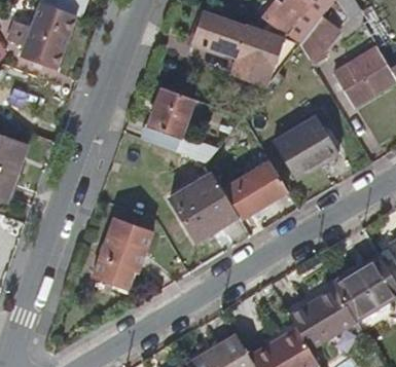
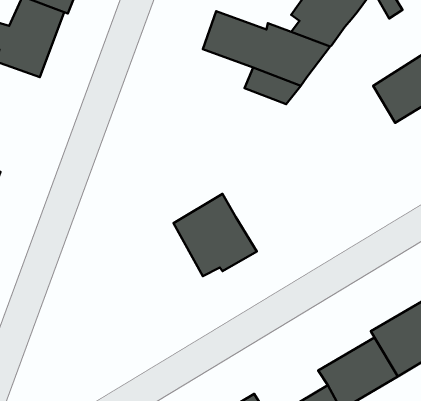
building: [301,14,343,64] -> none
building: [145,85,219,161] -> none
building: [274,115,337,176] -> none
building: [221,158,287,216] -> none
building: [95,218,152,284] -> none

